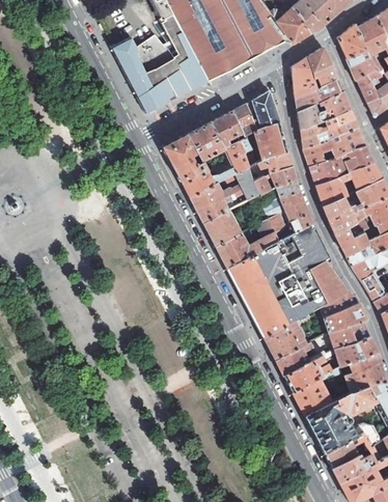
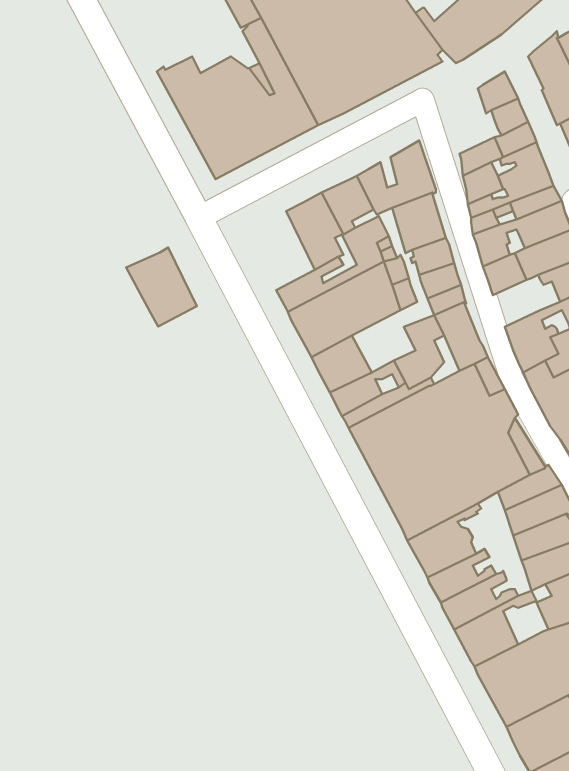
building: [292,58,317,99] -> none
building: [163,134,206,183] -> [126,247,197,326]
building: [316,175,345,205] -> none

